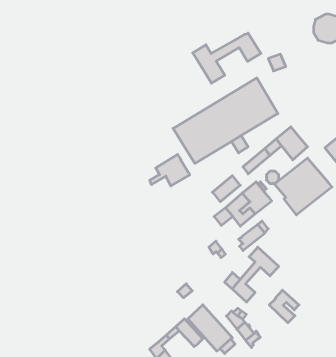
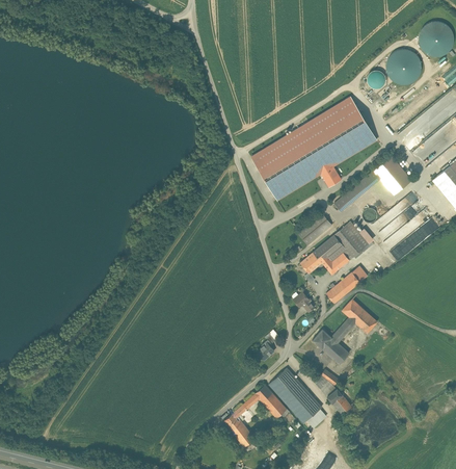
building: [193,33,261,83] -> none
building: none -> [385,49,421,83]
building: [150,154,190,186] -> none
building: [269,290,299,323] -> none

